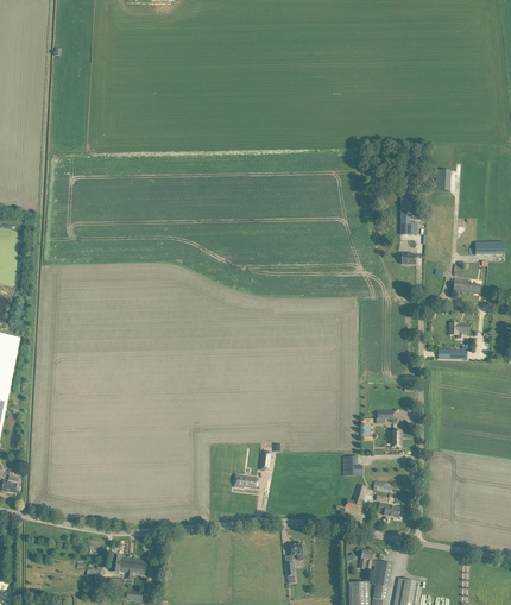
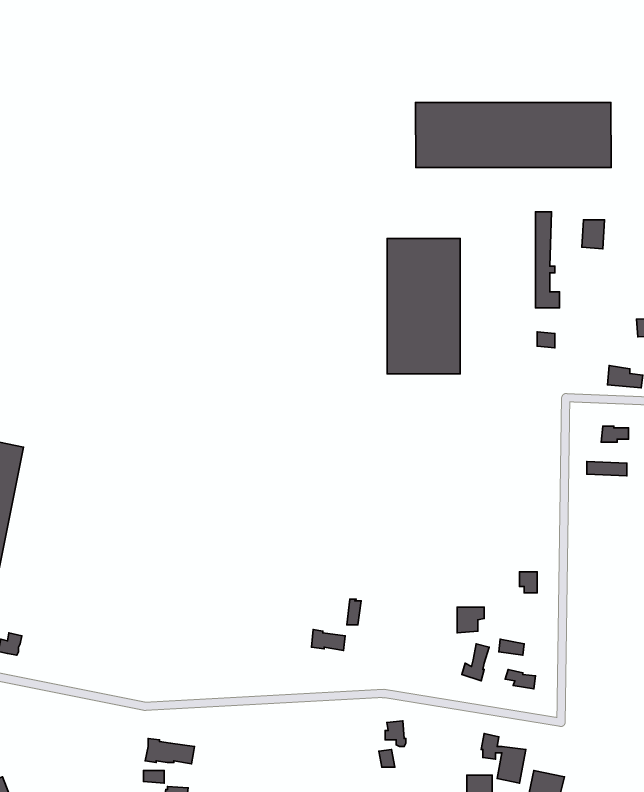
building: none -> [416,102,611,168]
building: none -> [387,238,460,374]

